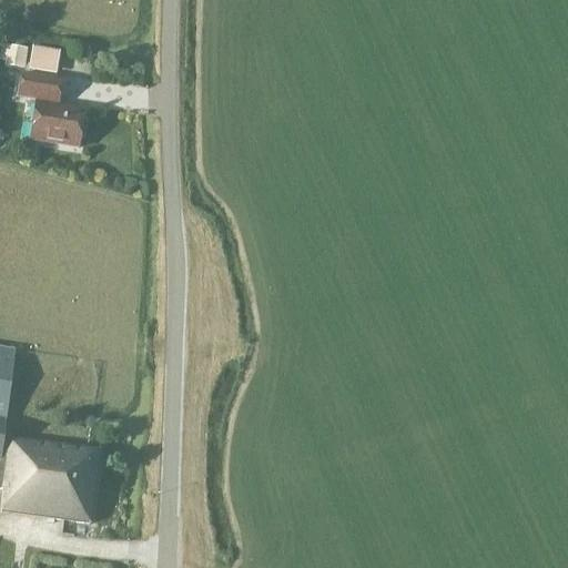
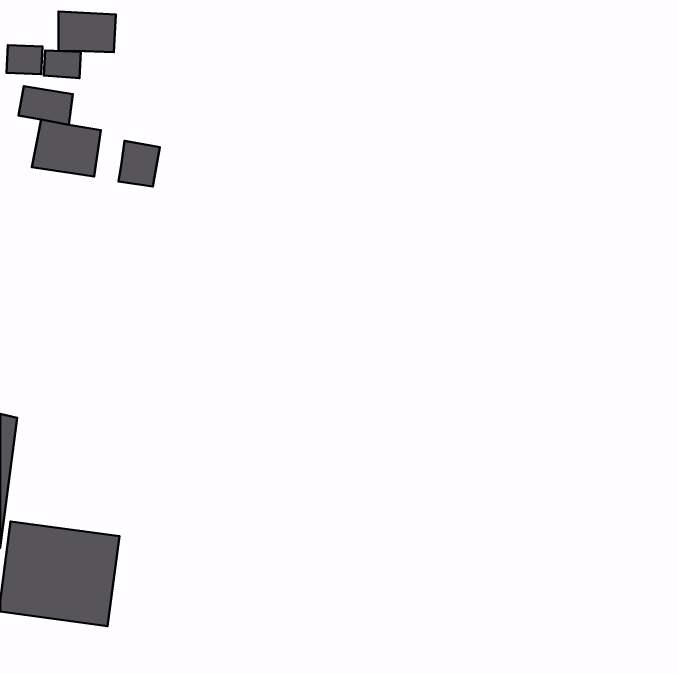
building: none -> [59,12,116,52]
building: none -> [119,141,160,186]

